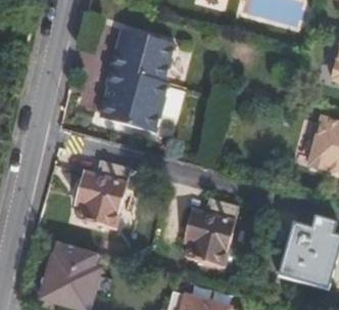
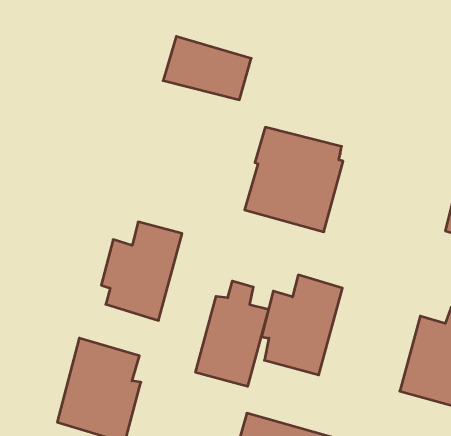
building: [100,58,168,131] -> [245,127,343,232]
building: none -> [196,281,269,386]

